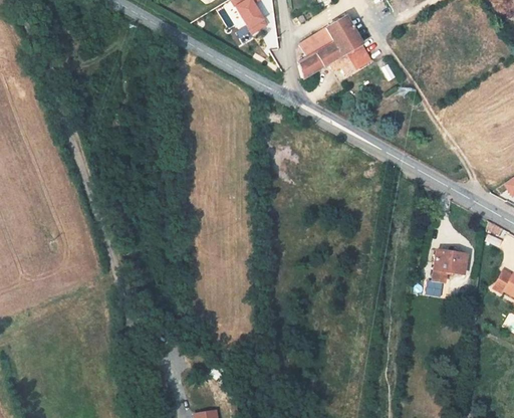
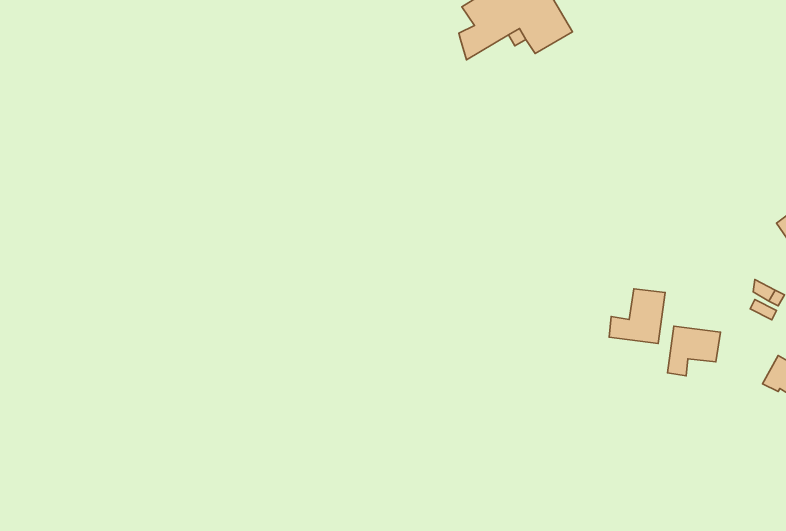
building: none -> [609,289,665,344]

